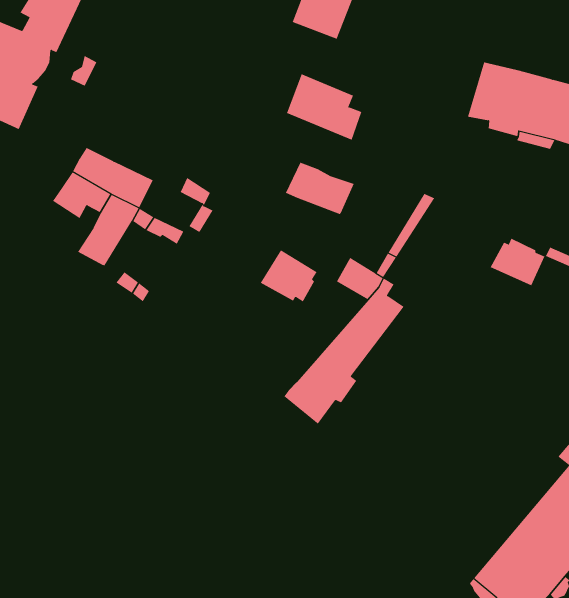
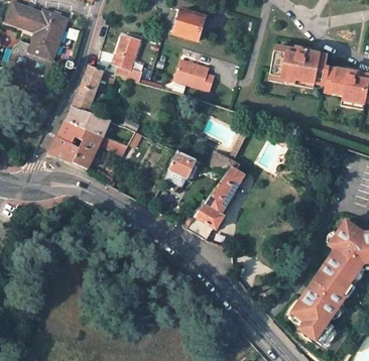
building: none -> [112,34,141,80]
building: none -> [73,65,103,112]
building: [285,162,354,215] -> none
building: none -> [49,135,80,160]
building: [490,238,545,286] -> none

